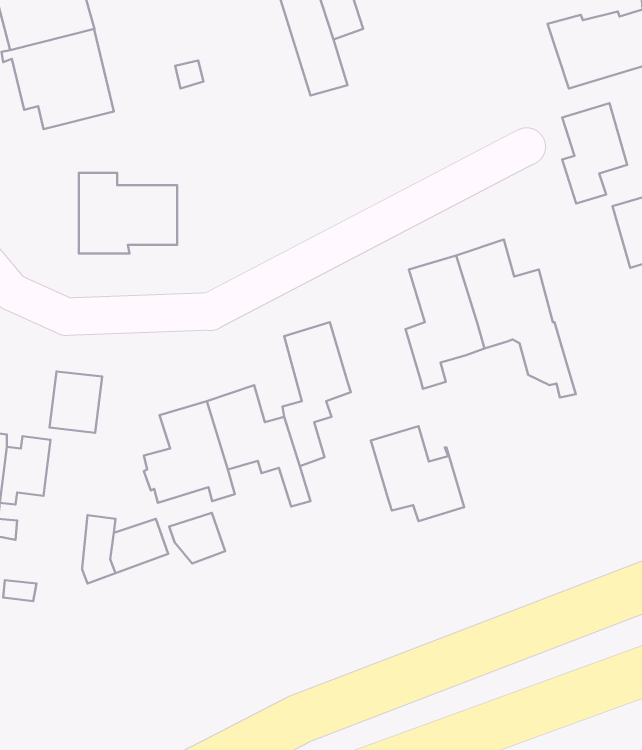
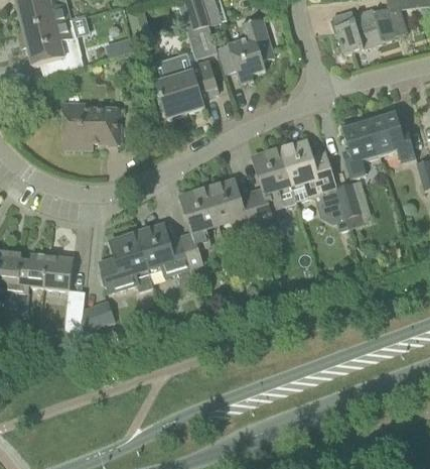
building: none -> [228,17,272,83]
building: none -> [150,52,218,118]
building: [562,103,627,203] -> [341,120,379,178]
building: none -> [335,182,361,218]
building: [49,371,102,433] -> [42,254,73,289]
building: [371,426,464,521] -> [206,179,260,233]
building: [169,513,225,564] -> none

